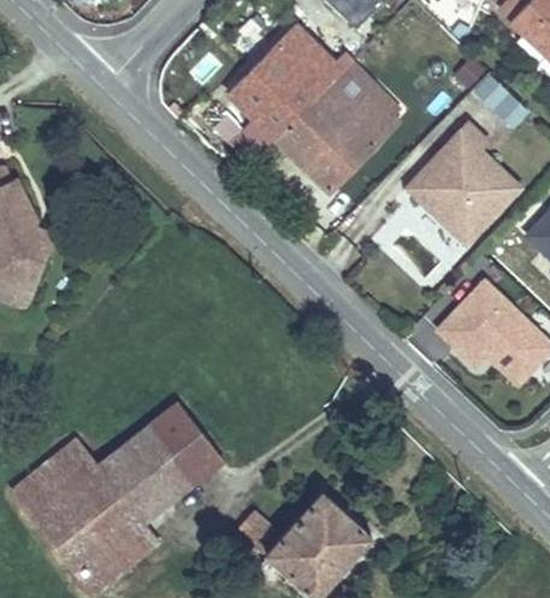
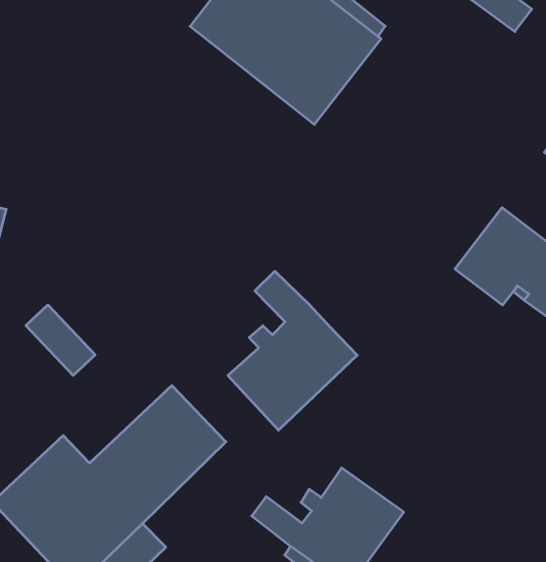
building: [389,119,521,261] -> none
building: none -> [228,271,357,430]
building: none -> [26,305,95,375]

